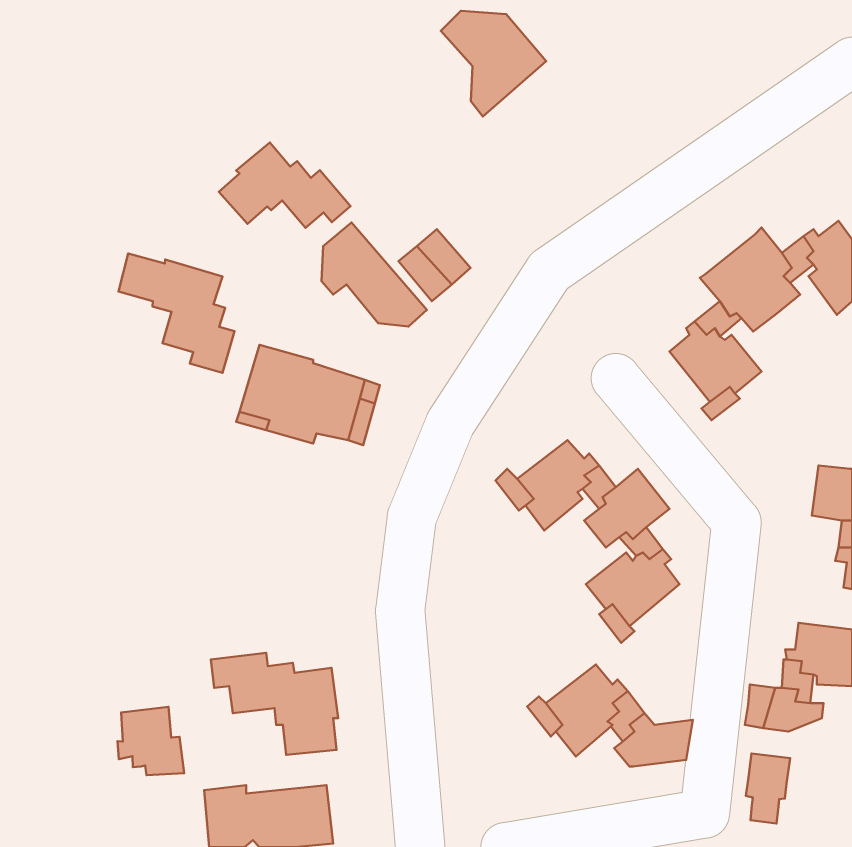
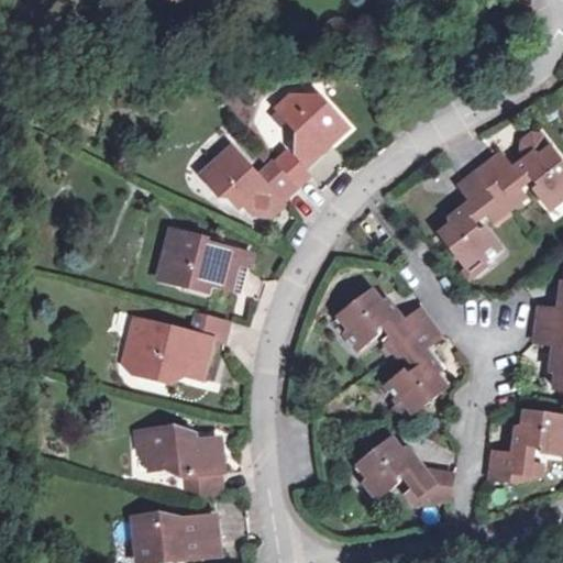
building: [441,11,546,116] -> [277,93,346,163]
building: [219,142,351,228] -> none
building: [118,253,235,373] -> none
building: none -> [128,311,227,382]
building: [117,707,184,775] -> none
building: [746,753,790,824] -> none

